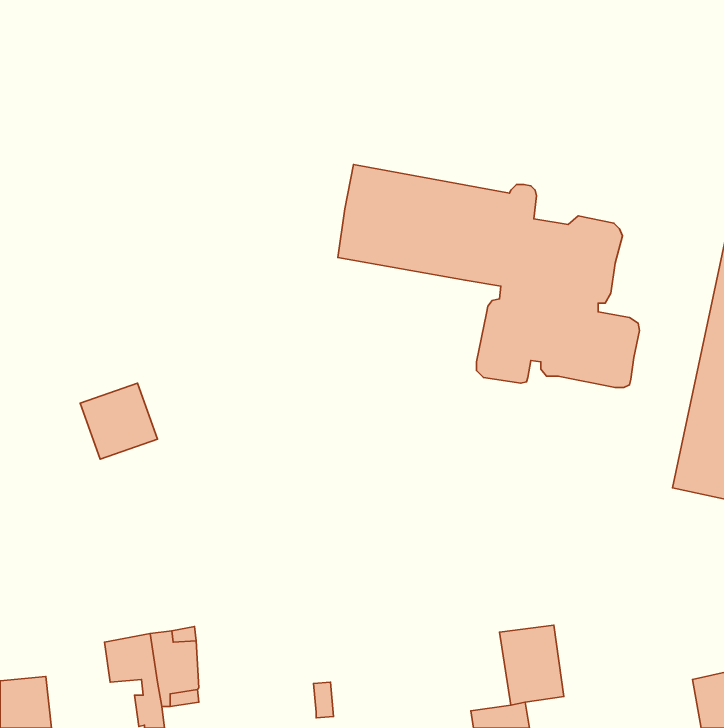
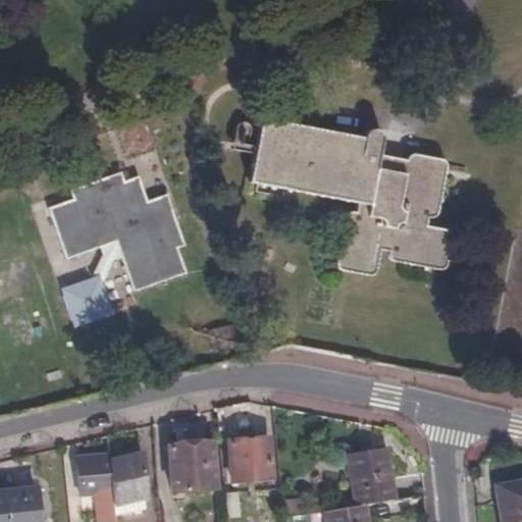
building: none -> [45,177,184,298]
building: none -> [231,429,277,478]
building: none -> [170,436,216,484]

